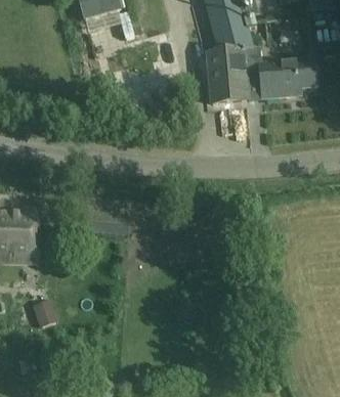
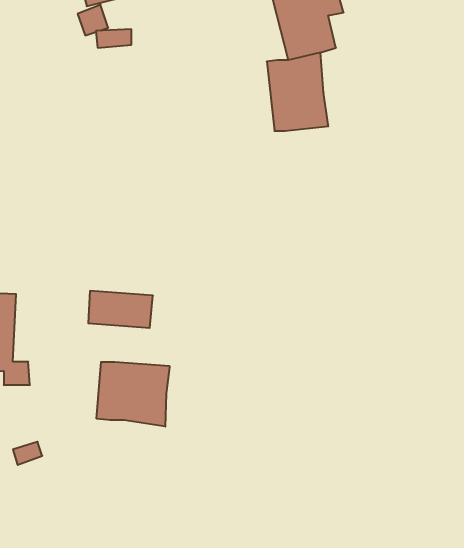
building: [241,47,316,99] -> none
building: none -> [97,362,170,427]

